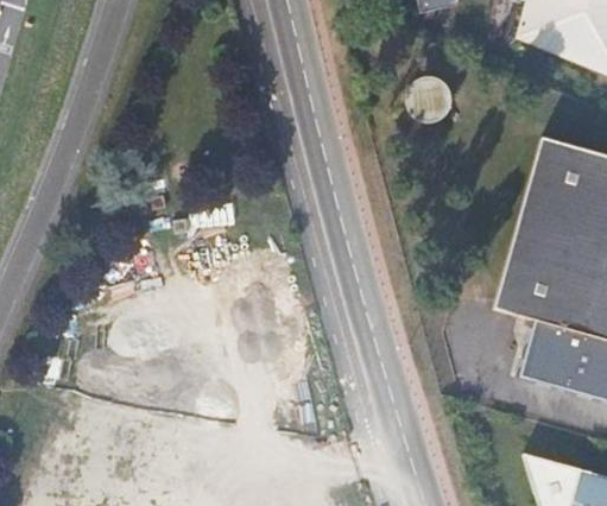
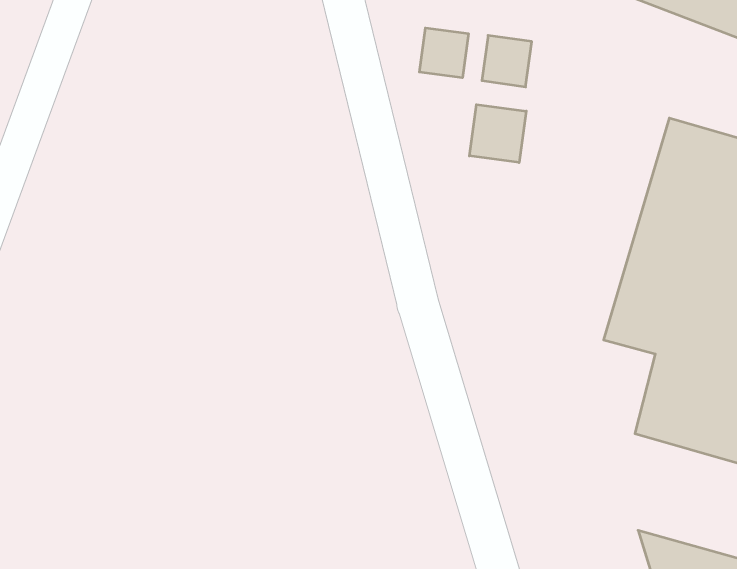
building: none -> [419,28,468,78]
building: none -> [469,105,526,163]

